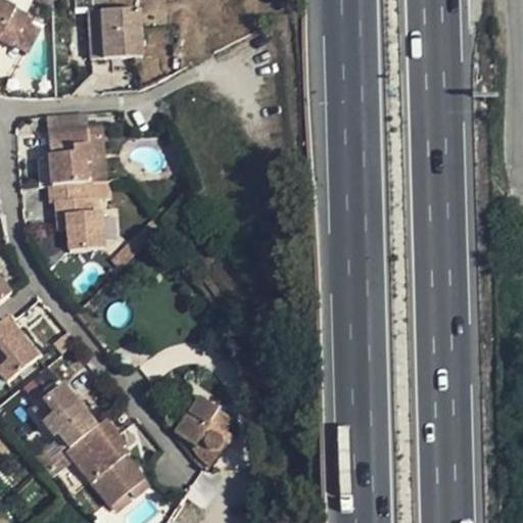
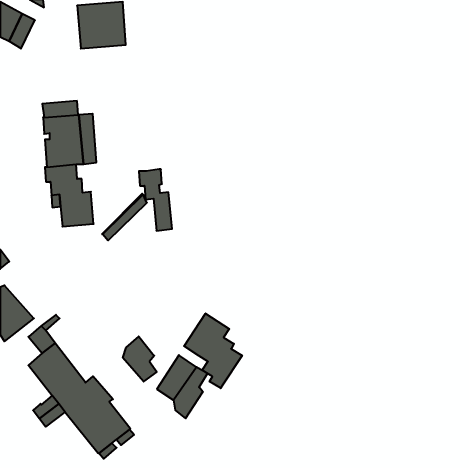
building: [85,181,122,249] -> [139,169,172,231]
building: none -> [184,313,242,388]
building: none -> [123,336,157,382]

